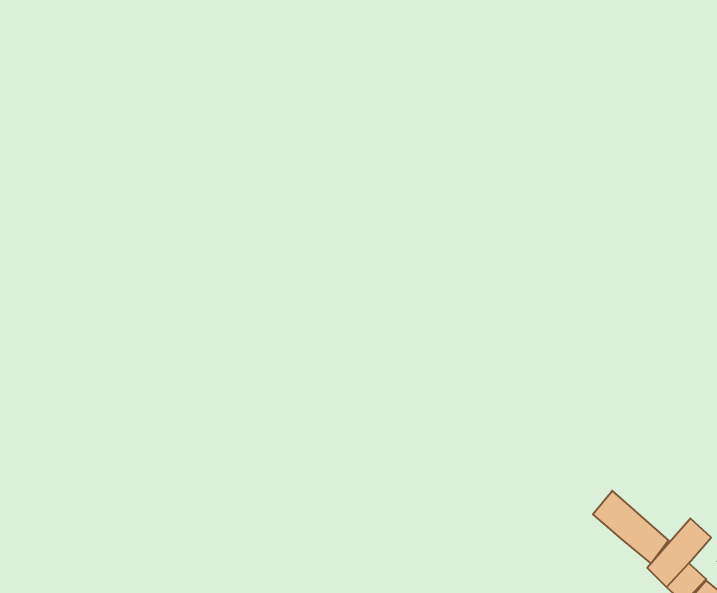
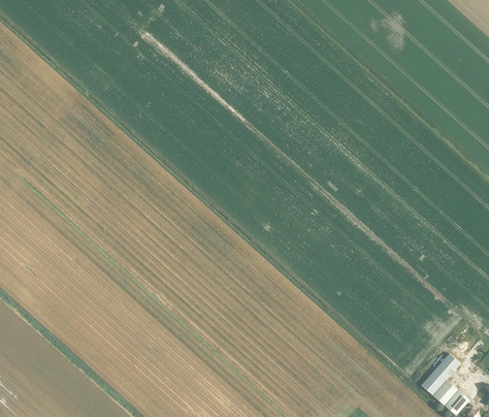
building: [593,491,669,564] -> none

